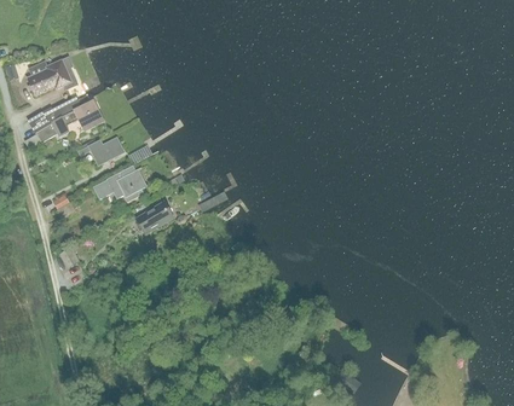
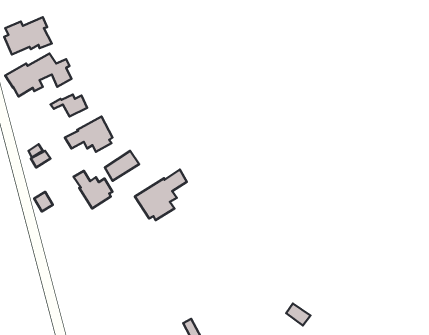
building: none -> [135,170,187,220]
building: none -> [73,171,112,209]

